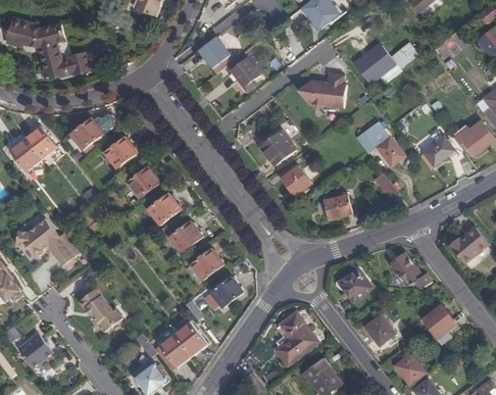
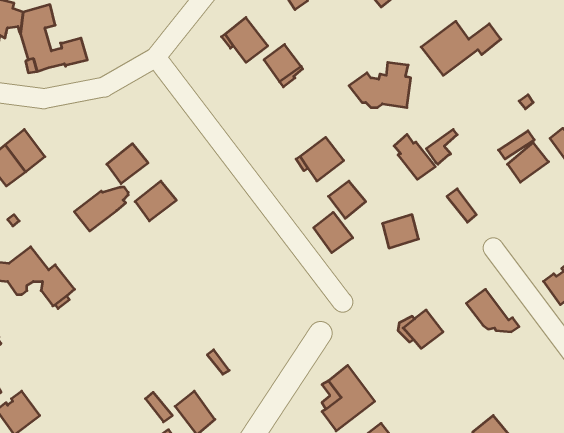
building: [70,115,113,150] -> [74,187,128,231]
building: [373,130,405,165] -> [394,134,435,179]
building: none -> [314,212,353,253]
building: [148,193,181,225] -> none
building: [169,220,202,252] -> none
building: [191,248,224,280] -> none
building: [203,277,243,311] -> none
building: [78,291,121,332] -> none
building: [423,303,455,342] -> none
building: [364,313,395,345] -> none
building: [175,322,206,355] -> none

